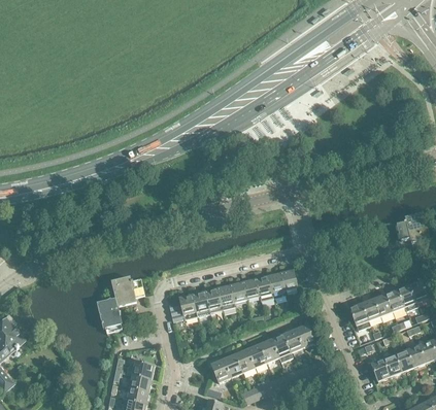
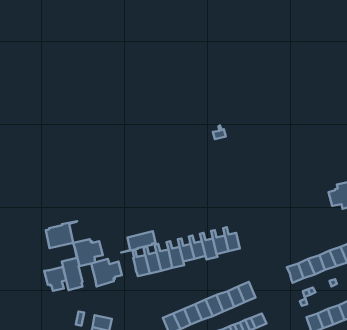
building: none -> [46,221,77,248]
building: none -> [121,231,155,253]
building: none -> [91,259,122,286]
building: none -> [44,267,66,291]

